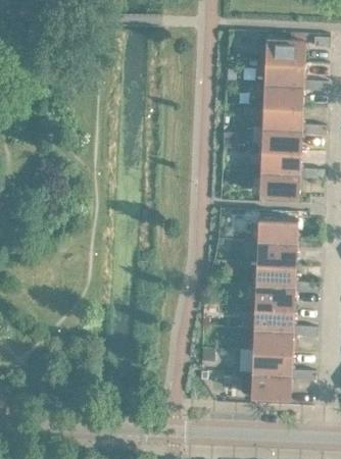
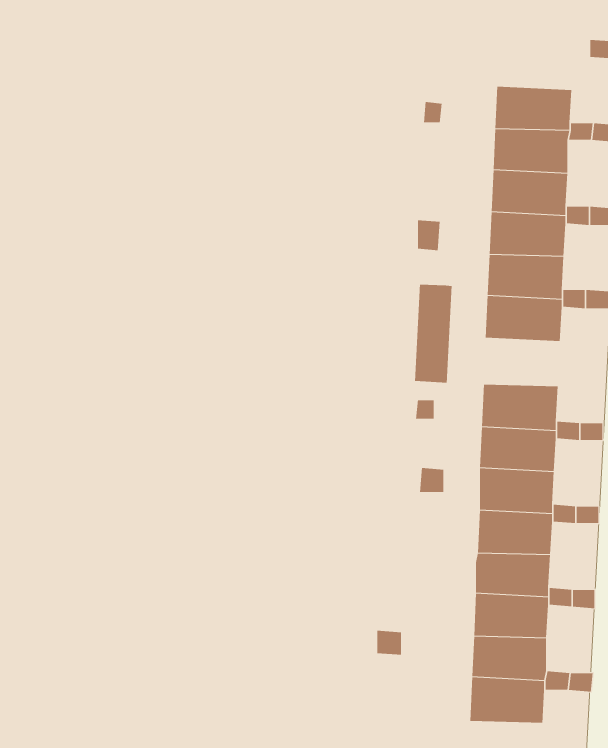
building: [264,41,305,65] -> none
building: none -> [414,284,452,383]

